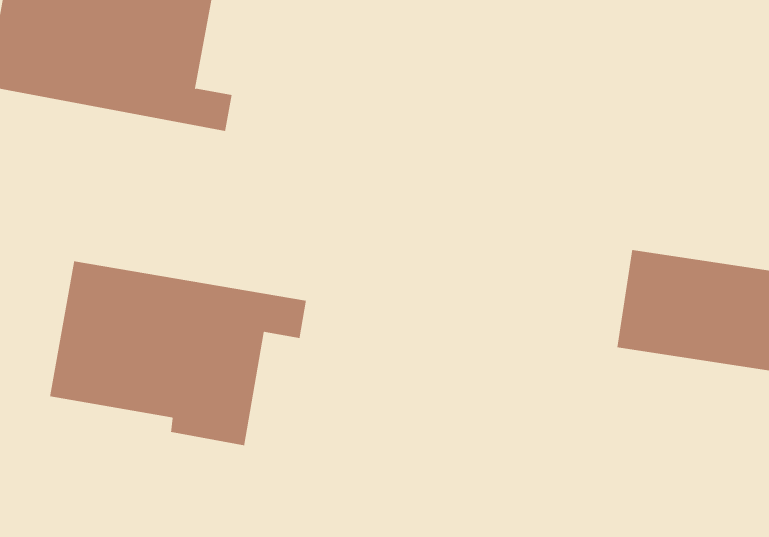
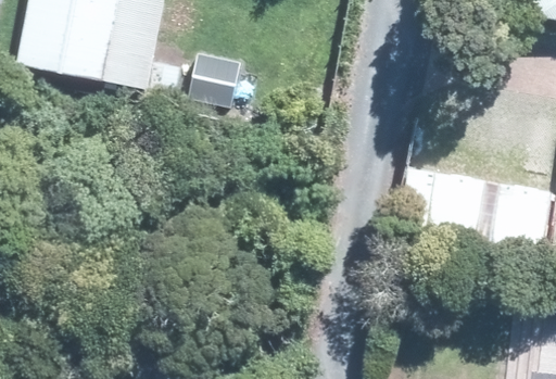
building: [49,261,307,446] -> none

